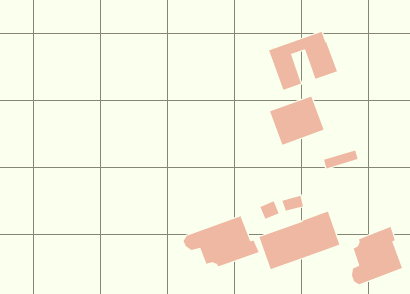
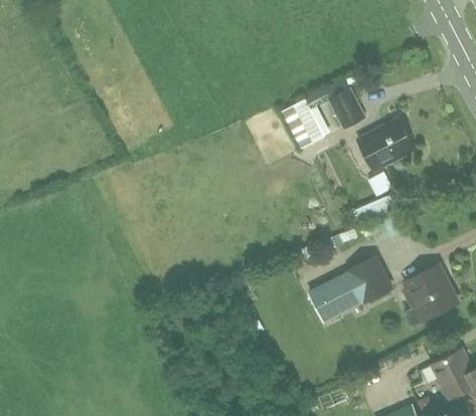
building: [269,96,324,145] -> [357,118,415,171]
building: [183,215,259,267] -> none

